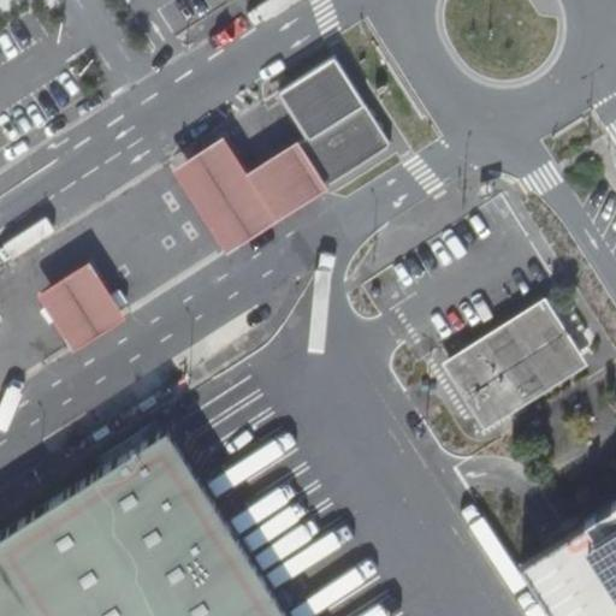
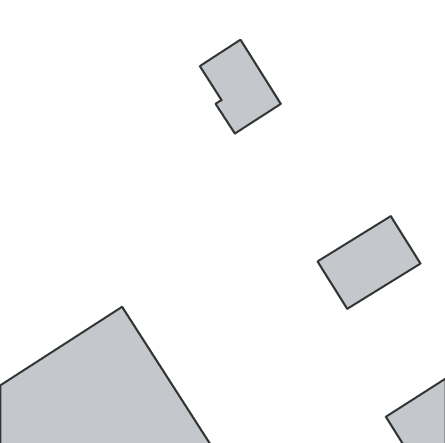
building: [170,138,325,254] -> none
building: [36,261,123,349] -> none

